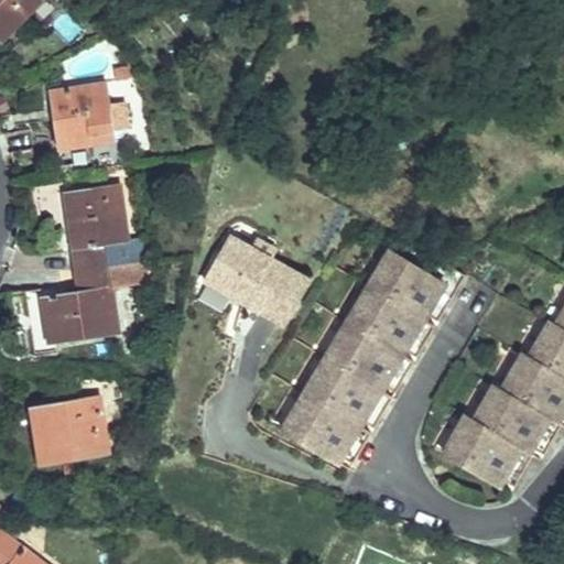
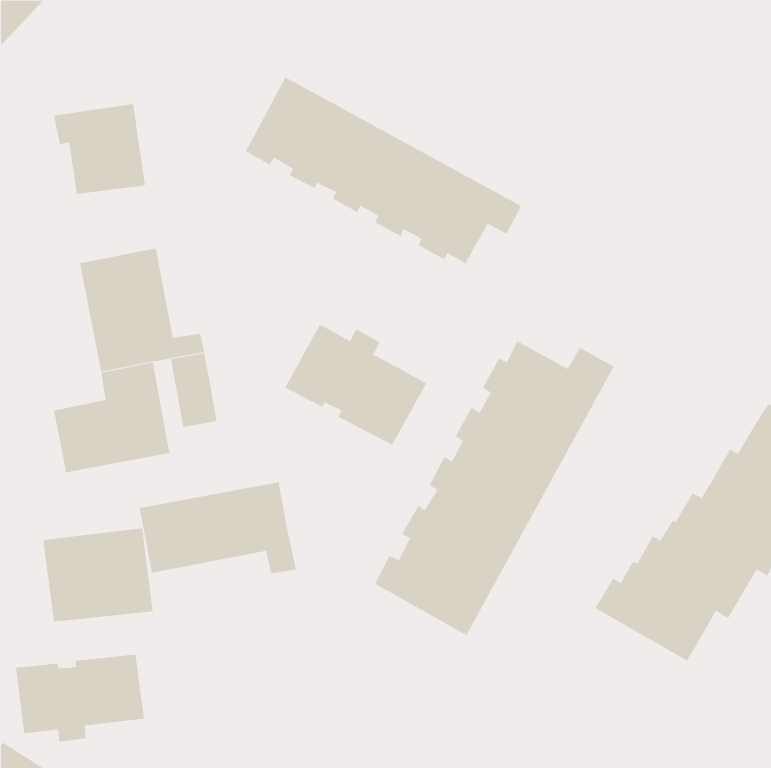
building: none -> [245,76,522,265]
building: none -> [139,481,296,574]
building: none -> [16,654,144,742]

